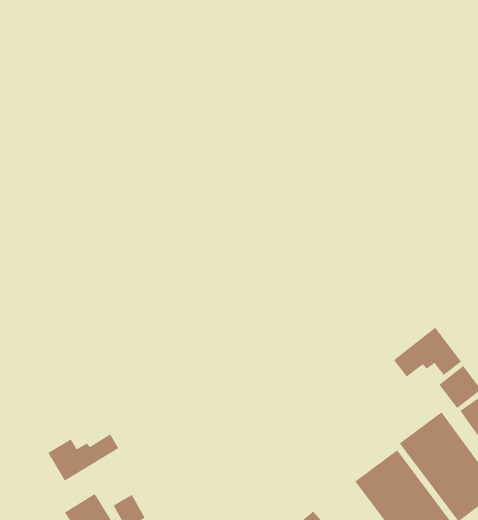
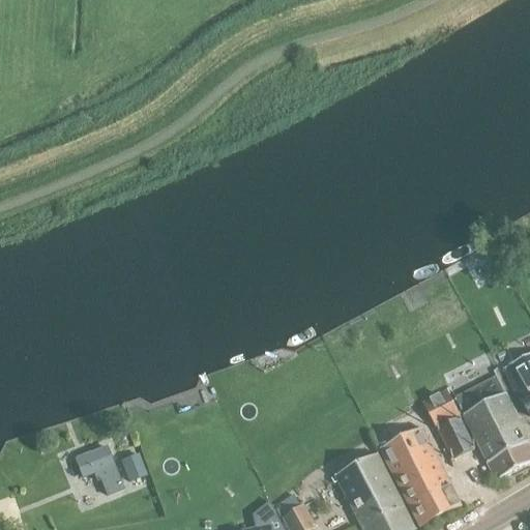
building: [393,327,462,378] -> none
building: [48,434,119,482] -> none

